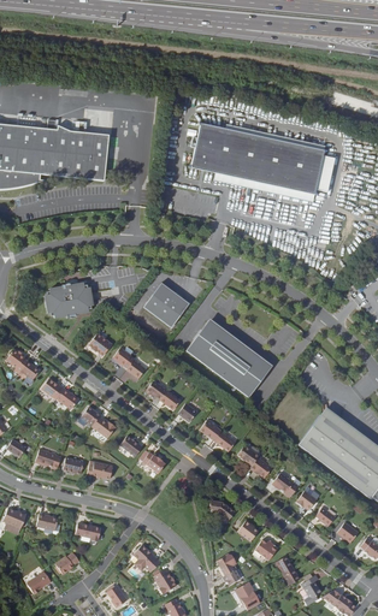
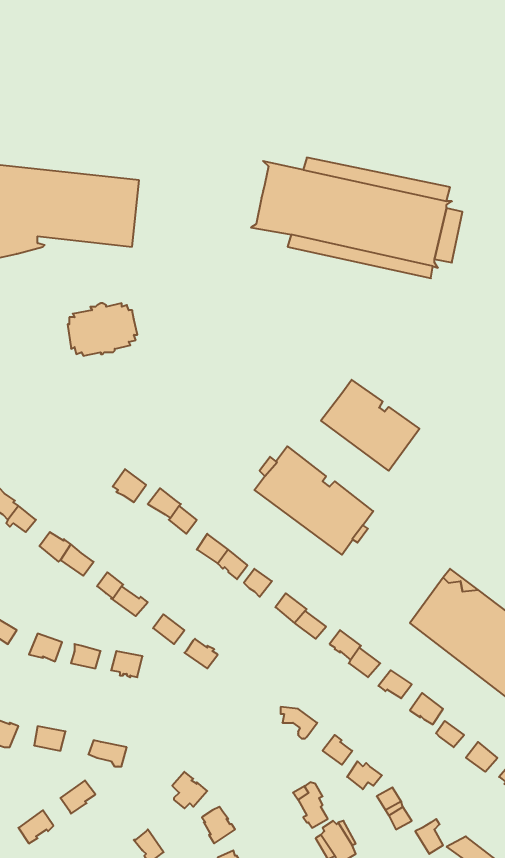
building: none -> [321,380,419,471]
building: [48,282,96,318] -> [68,303,137,356]
building: [144,282,191,326] -> none

